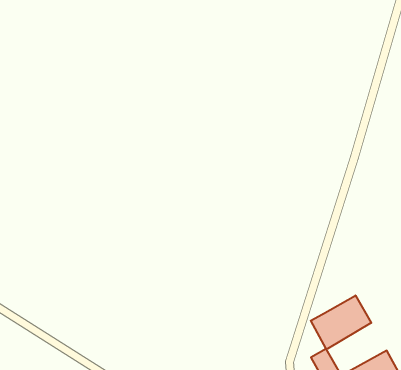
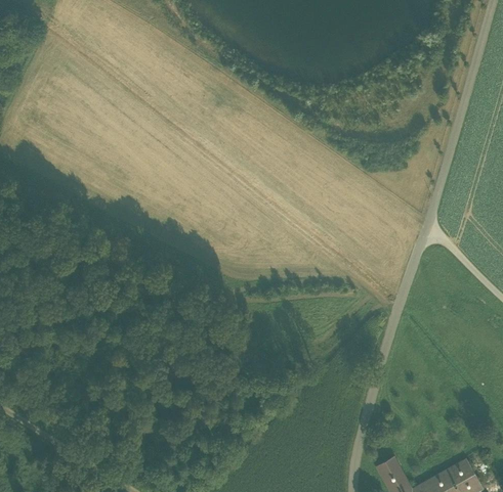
building: [311,295,371,349] -> none

